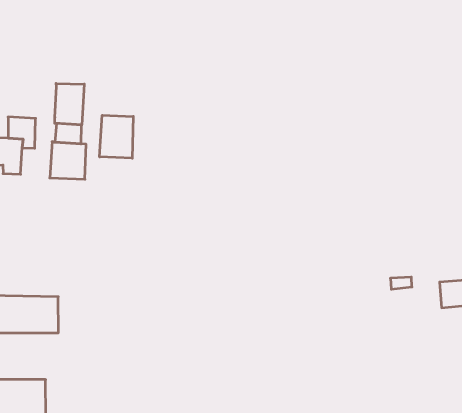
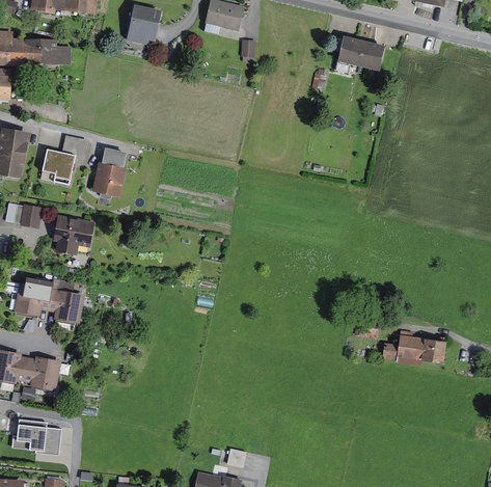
building: [55,83,84,125] -> none
building: [100,115,133,158] -> none
building: none -> [54,215,94,246]

